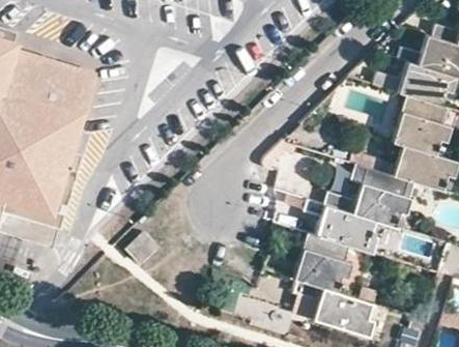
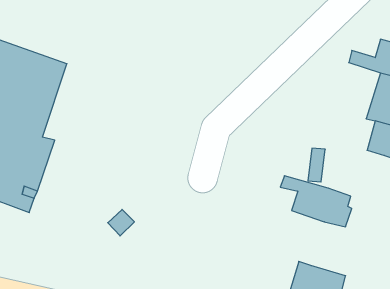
building: [353,168,410,227] -> none
building: [294,233,351,292] -> none

